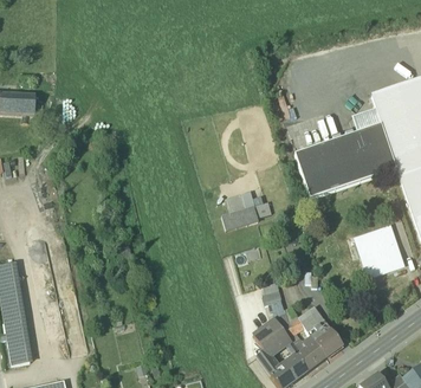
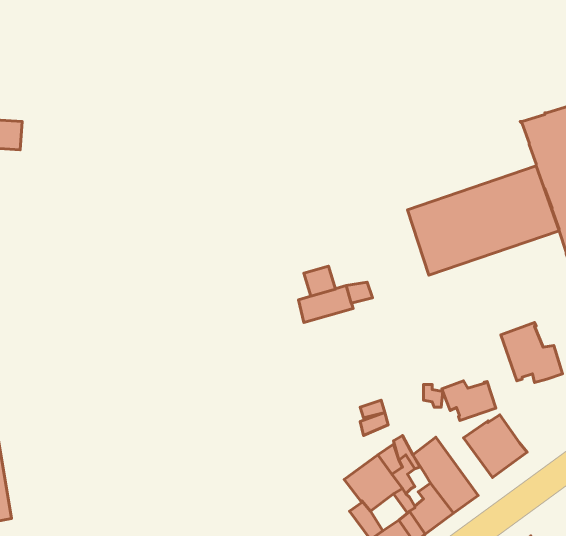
building: none -> [442,381,496,421]
building: none -> [464,415,527,477]

